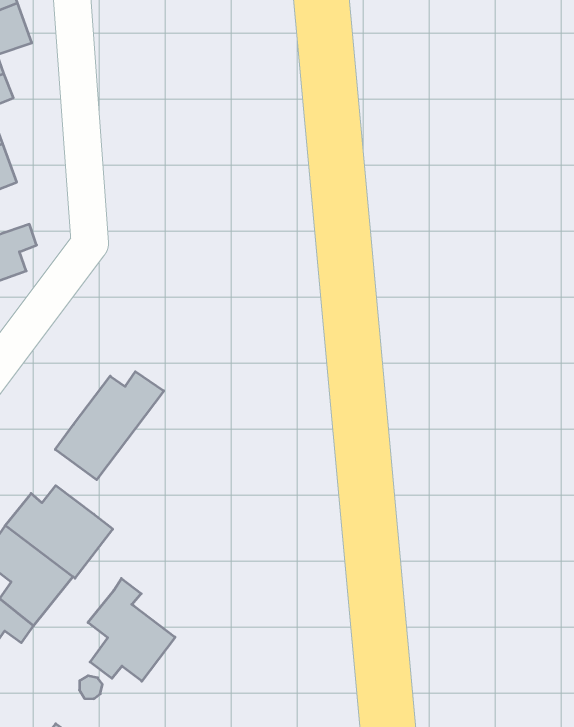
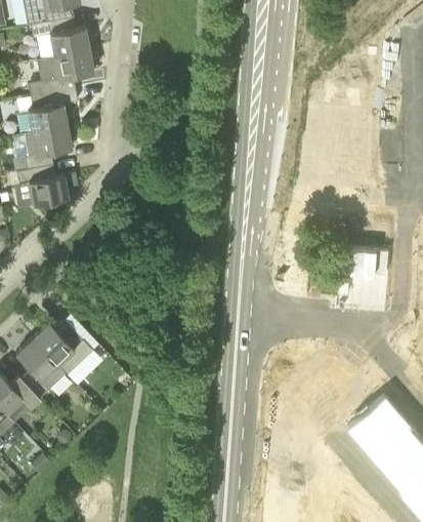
building: [55,372,164,480] -> none
building: [88,578,175,681] -> none

